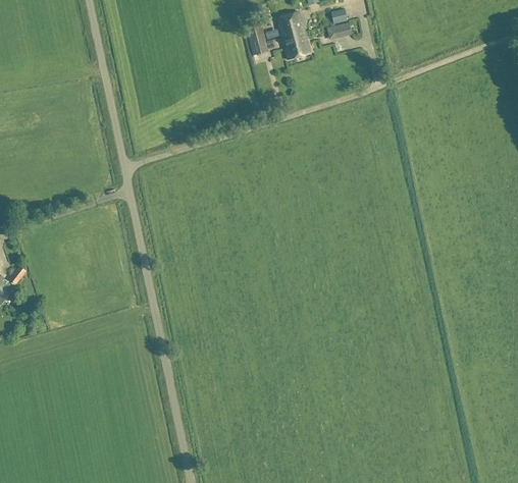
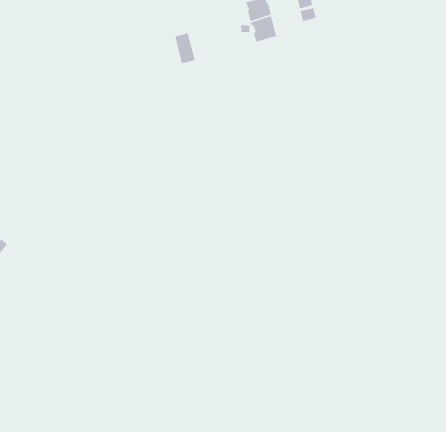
building: [247,21,269,55] -> [174,32,196,64]

